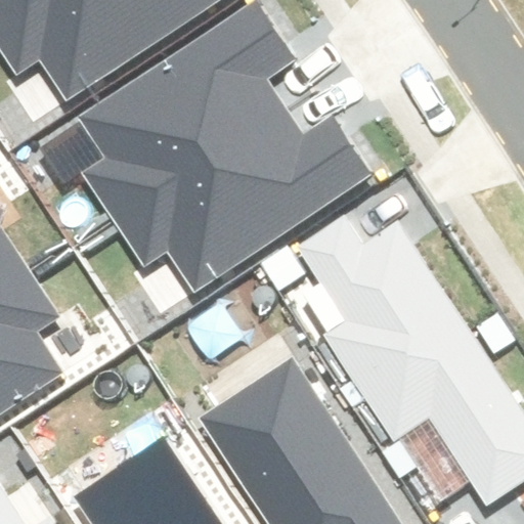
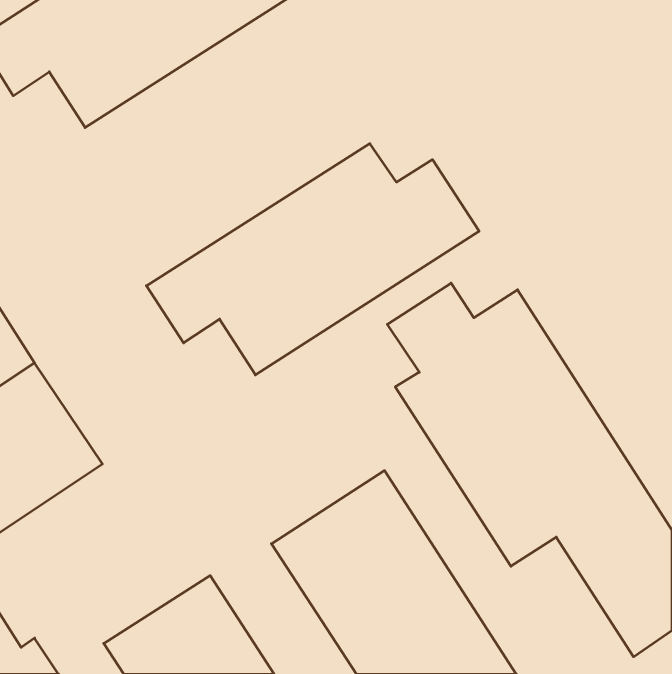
building: [80,9,290,220] -> none

